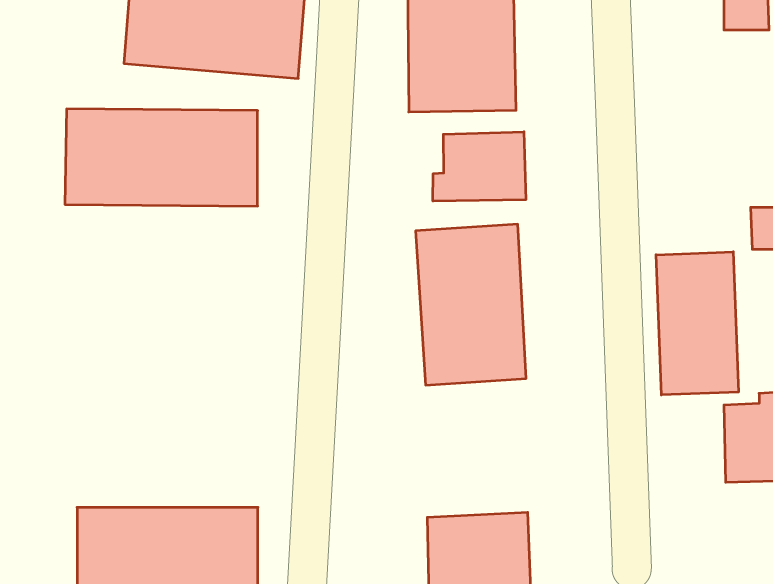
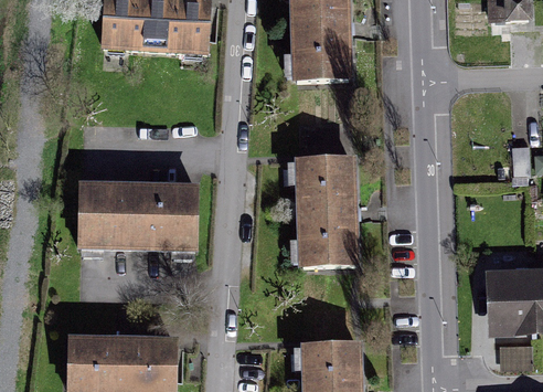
building: [65,109,258,206] -> [77,183,204,247]
building: [433,132,526,201] -> none
building: [656,252,738,395] -> none

